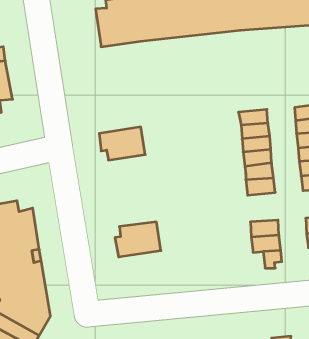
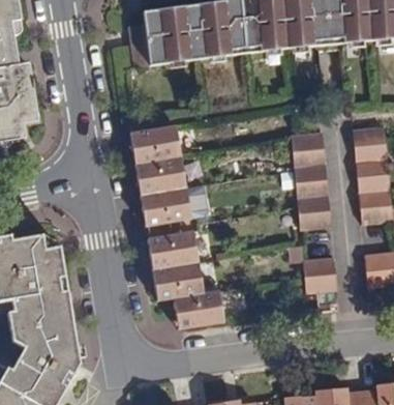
building: none -> [130,123,181,160]
building: none -> [141,183,191,223]
building: none -> [146,229,199,264]
building: none -> [156,289,222,328]

